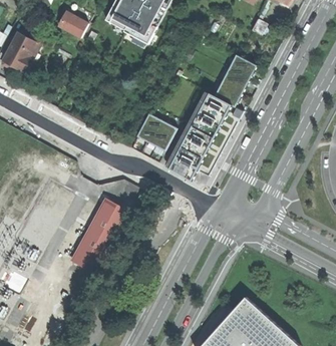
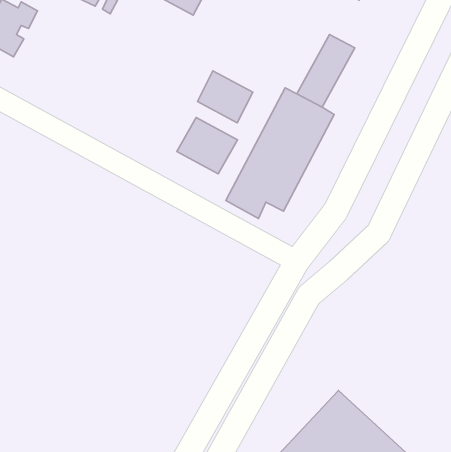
building: none -> [197,71,253,123]
building: [72,199,128,272] -> none

